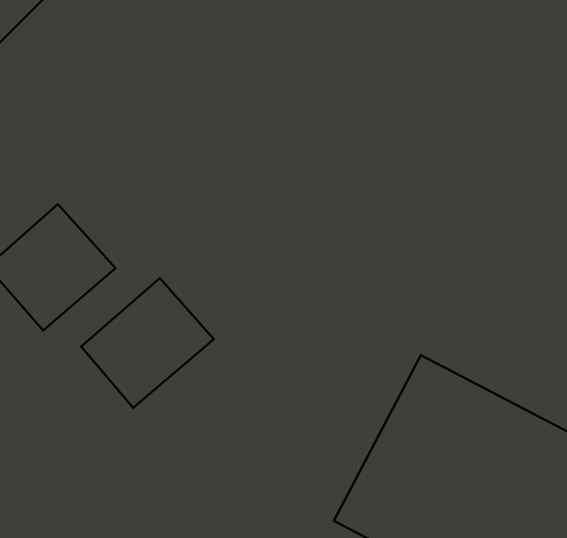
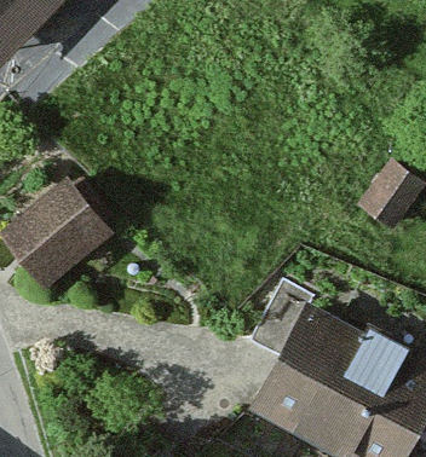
building: [81,278,214,408] -> none

